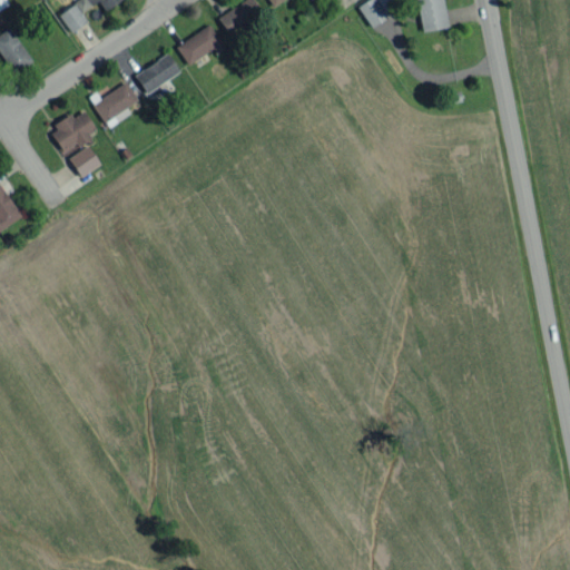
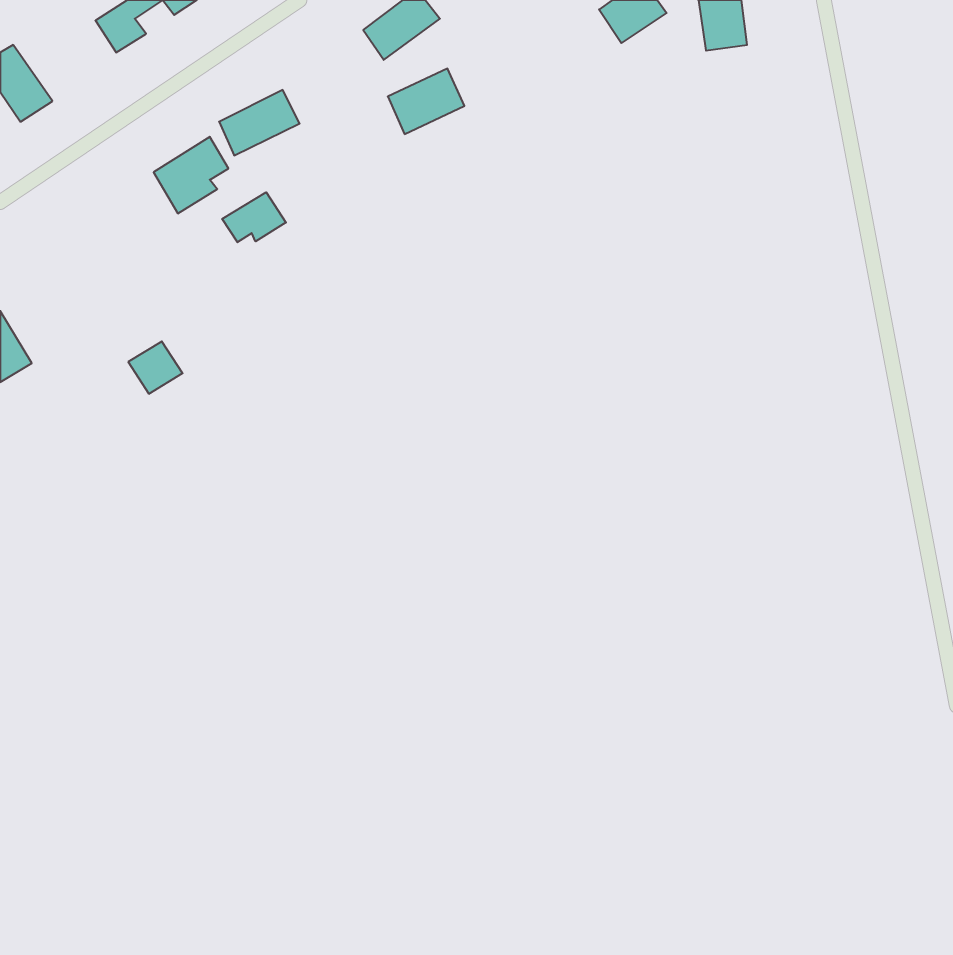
building: [177,26,223,65] -> [388,69,464,134]
building: [50,110,98,151] -> none
building: none -> [222,192,286,242]
building: [69,146,101,177] -> [128,341,183,394]

